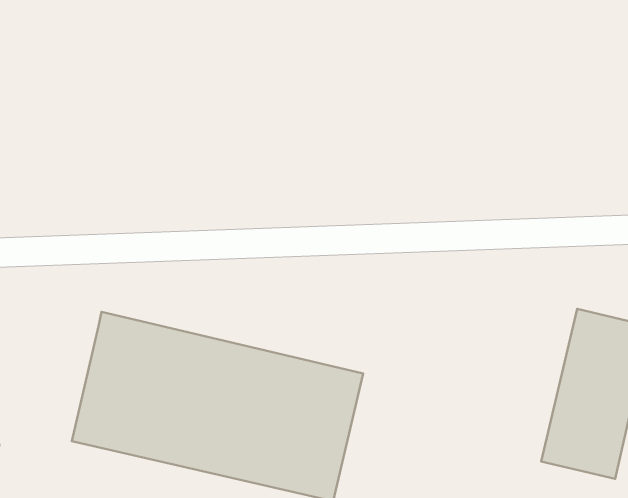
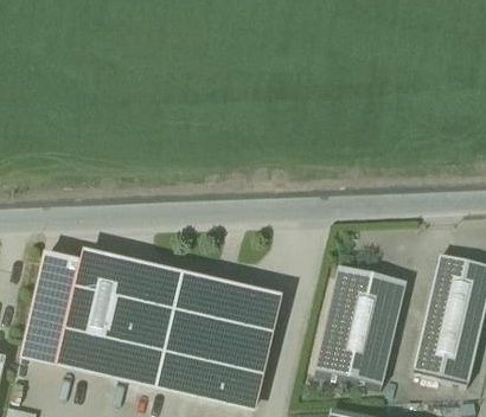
building: none -> [23,259,79,354]
building: none -> [315,267,405,386]

